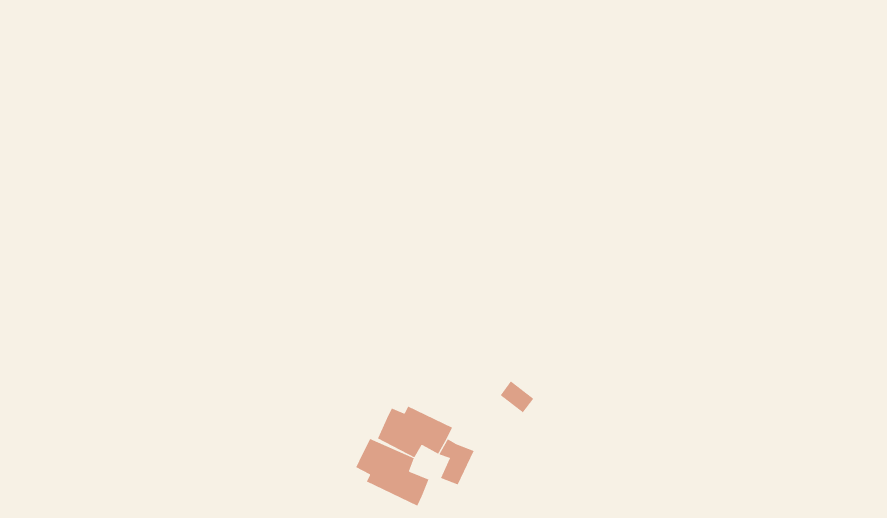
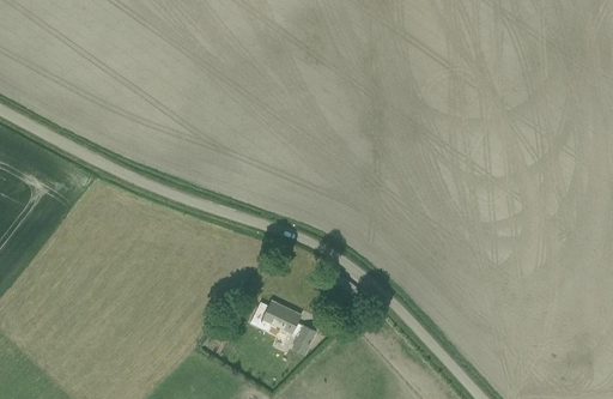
building: [356,438,429,507] -> none

